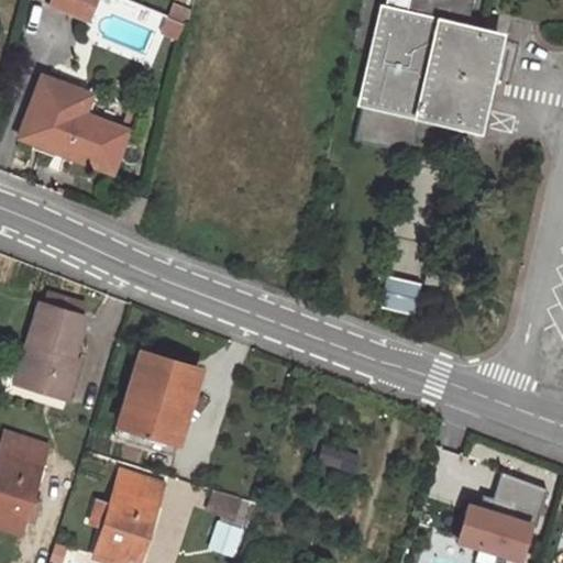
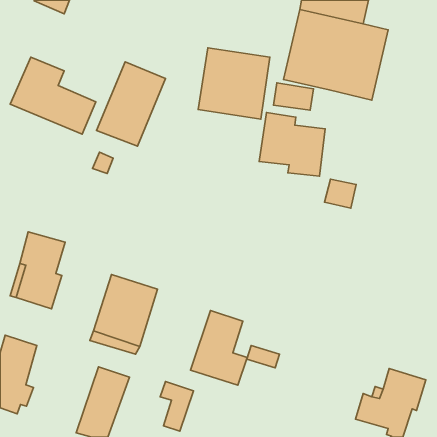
building: none -> [198,48,270,119]
building: none -> [97,62,165,146]
building: none -> [259,113,325,176]
building: [375,275,416,312] -> [324,179,356,208]
building: none -> [191,311,247,385]

